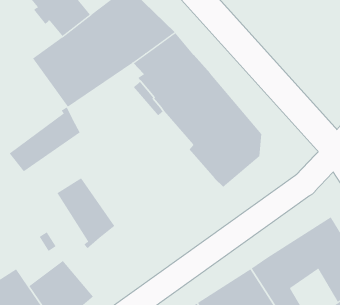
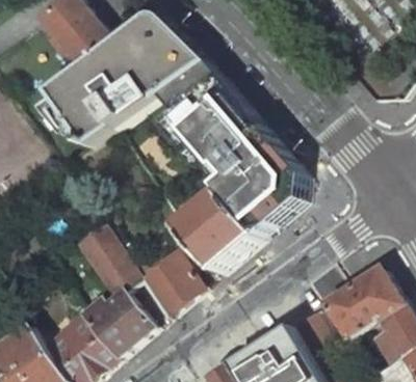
building: [9,106,81,172] -> none
building: none -> [176,192,258,272]
building: none -> [137,248,197,315]
building: none -> [79,291,150,356]

